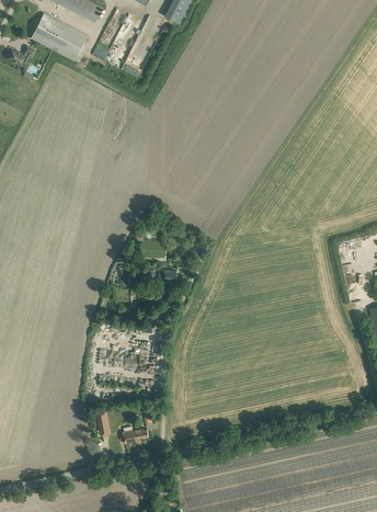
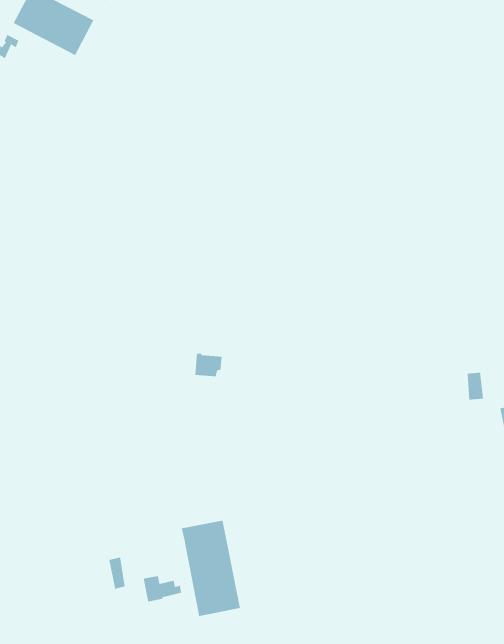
building: none -> [181,520,241,617]

